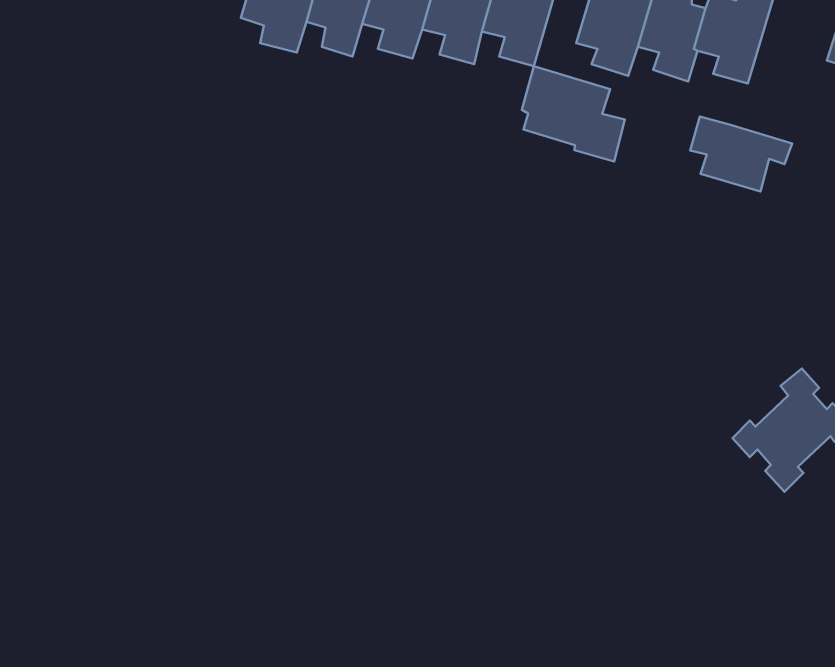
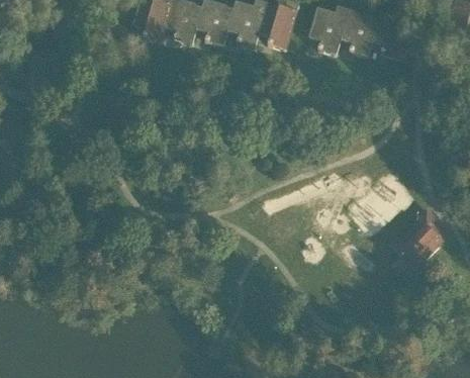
building: [522,66,625,161] -> none
building: [690,116,792,192] -> none

